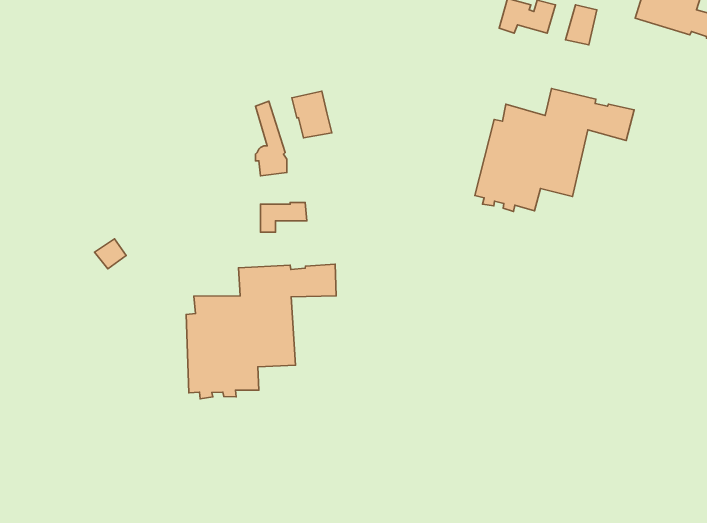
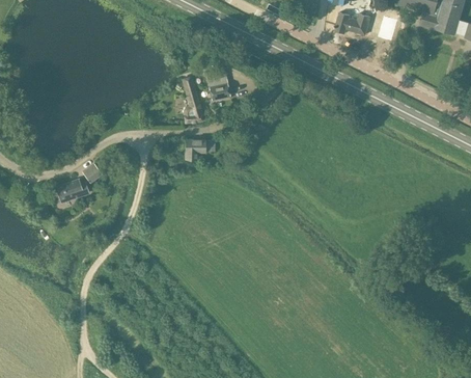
building: [475,89,634,211] -> none
building: none -> [54,180,88,204]
building: [186,264,336,399] -> none

